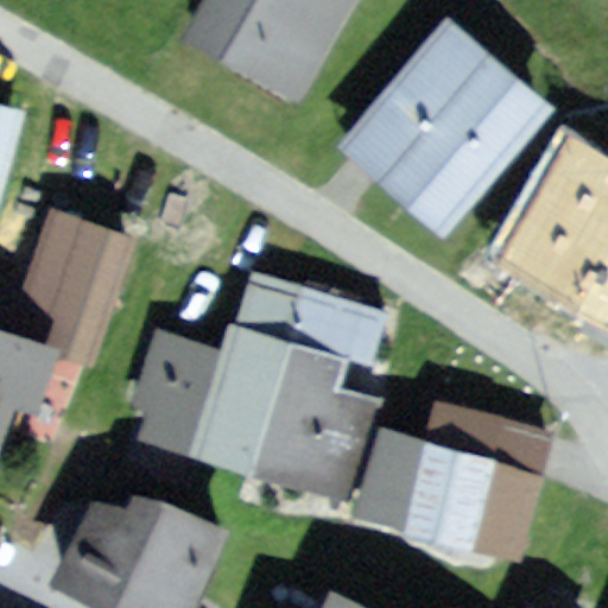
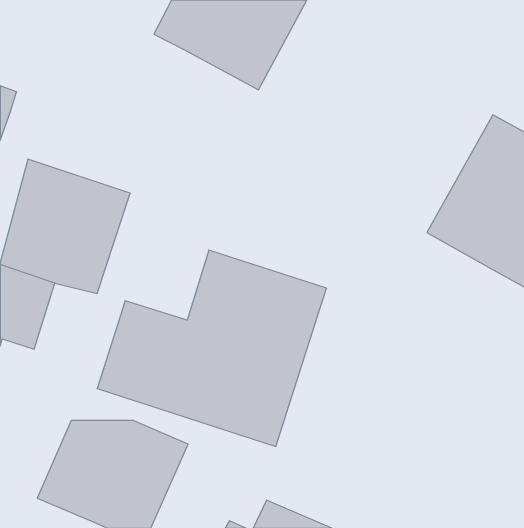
building: [343,15,550,224] -> none
building: [349,414,549,570] -> none

